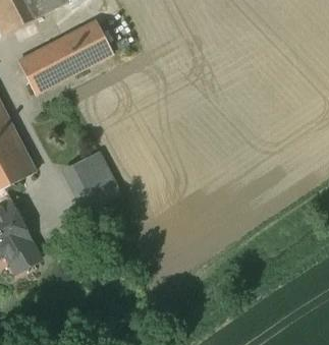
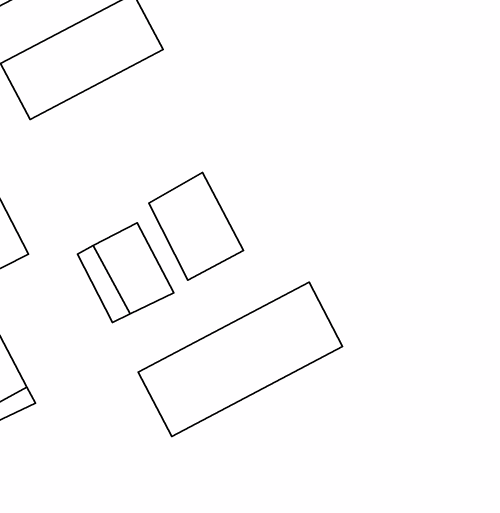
building: none -> [149,173,244,280]
building: none -> [138,282,343,436]

